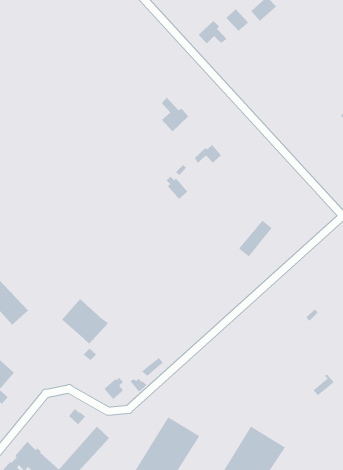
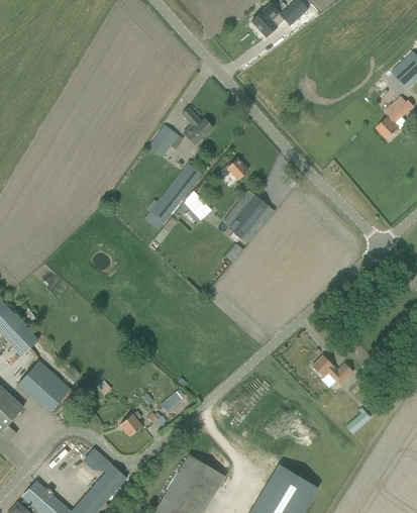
building: [198,20,227,44] -> none
building: none -> [148,124,184,157]
building: none -> [145,163,202,223]
building: [238,220,273,257] -> [229,196,267,236]
building: [61,298,109,345] -> [18,362,70,412]
building: none -> [311,354,352,385]

